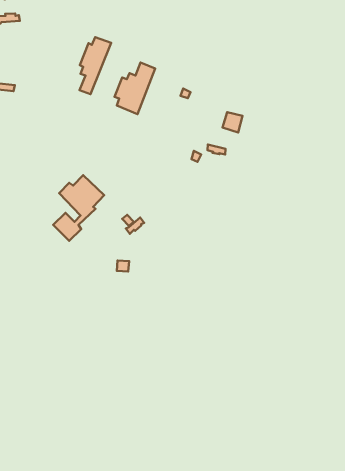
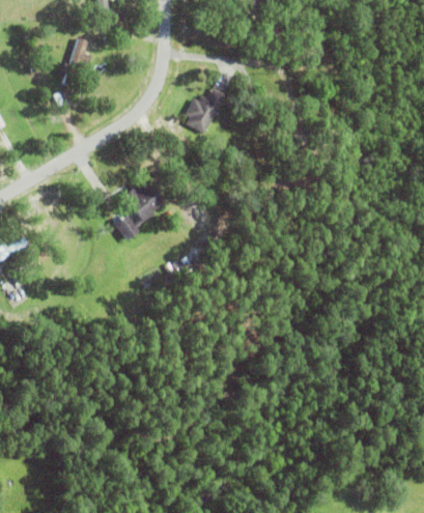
building: [79,37,111,94] -> none

